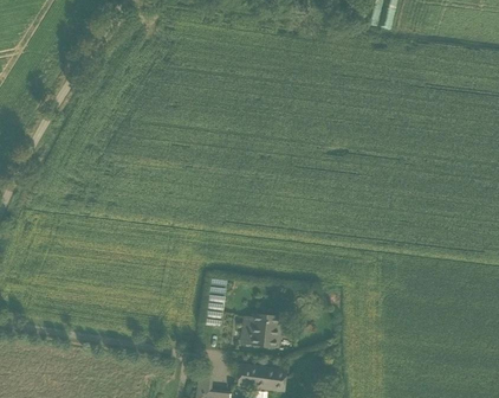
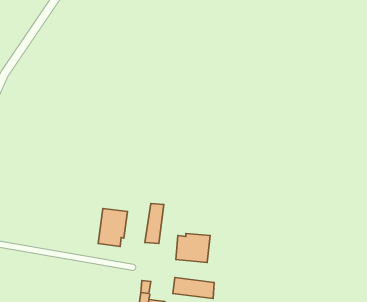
building: none -> [98,209,128,247]

